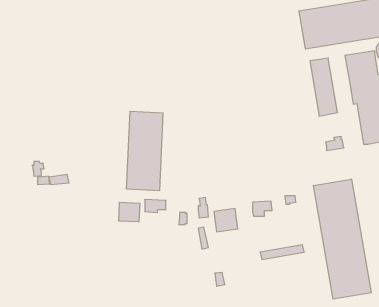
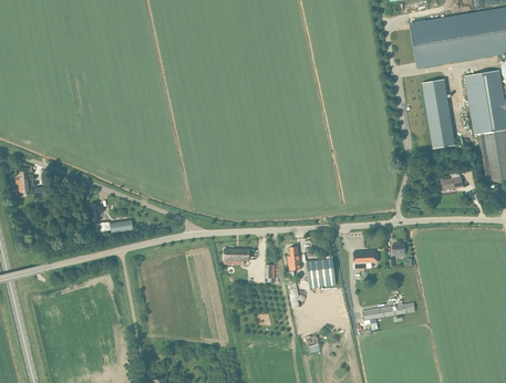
building: [127,111,163,191] -> none
building: [313,179,371,299] -> none
building: [119,202,140,222] -> none

